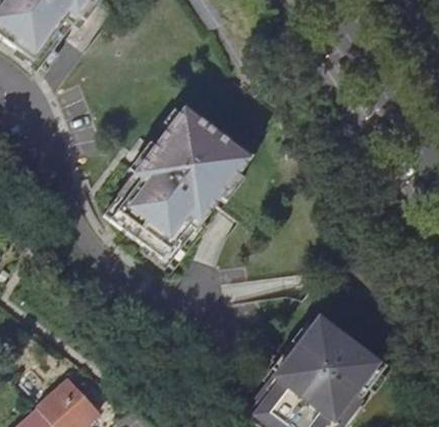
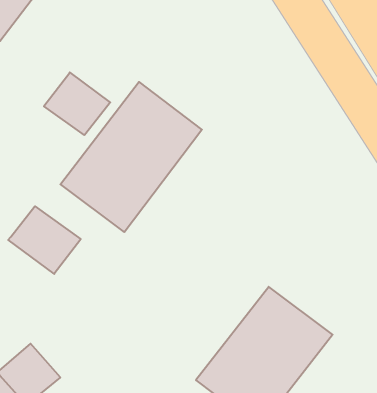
building: none -> [44,72,110,135]
building: none -> [8,206,81,274]

